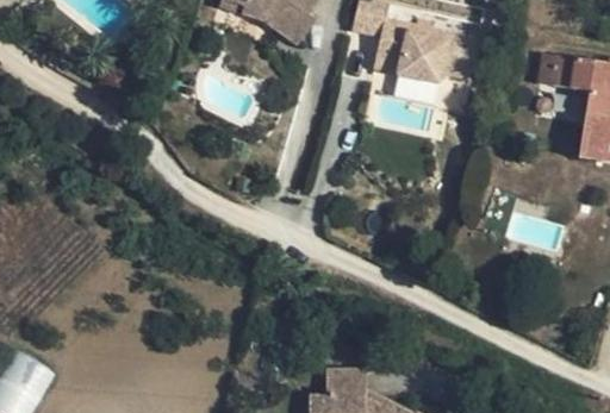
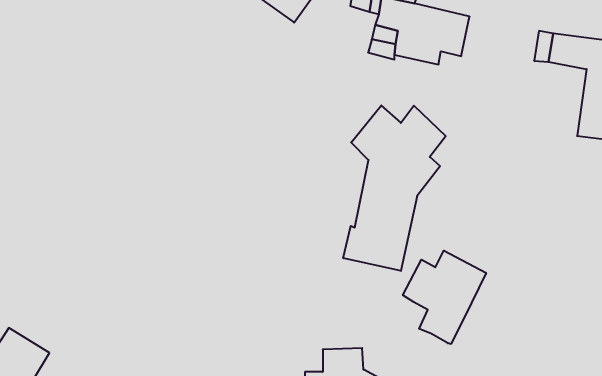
building: none -> [343,105,446,271]
building: none -> [403,251,486,344]

